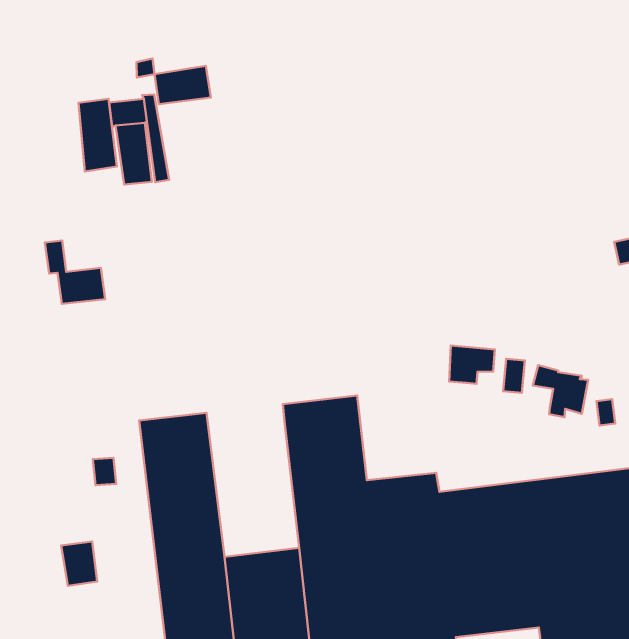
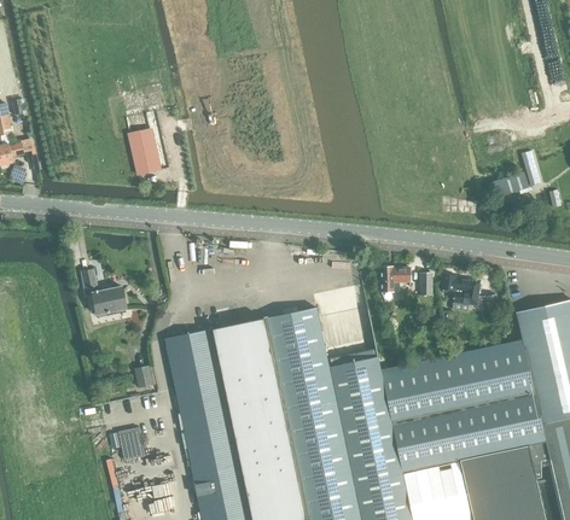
building: [154,66,211,104] -> none
building: [78,99,117,171] -> none
building: [45,241,105,304] -> [81,270,127,315]
building: none -> [211,319,285,430]

